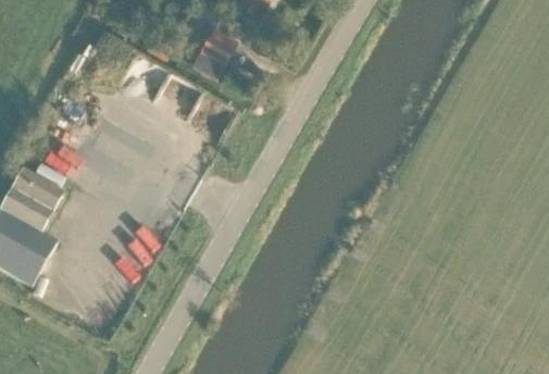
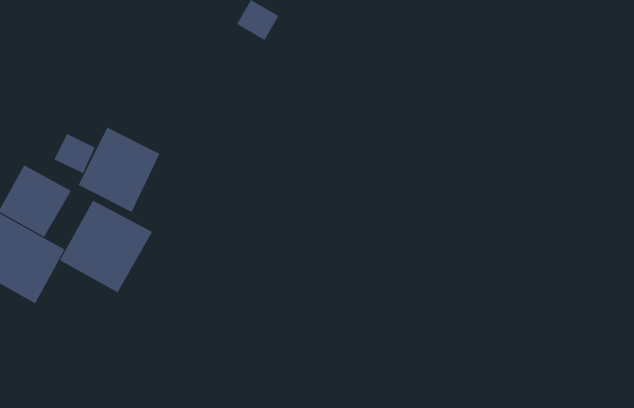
building: none -> [78,127,160,213]
building: none -> [59,200,153,293]

